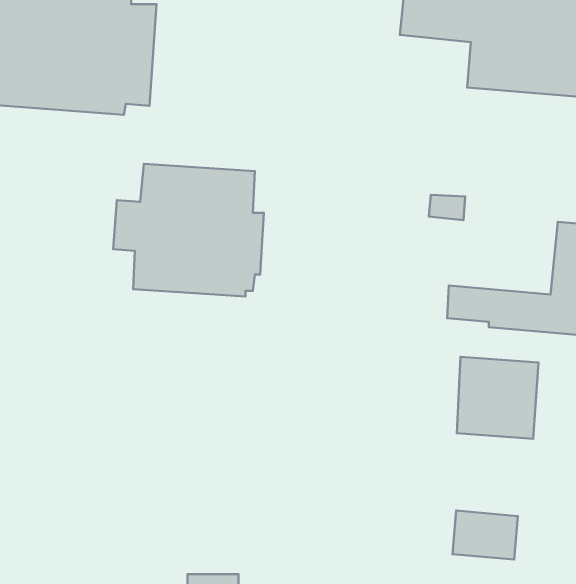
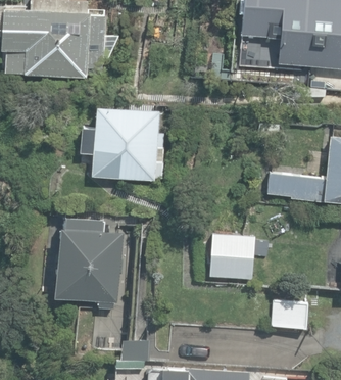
building: [457,357,538,439] -> [208,233,254,279]
building: none -> [54,217,124,310]

